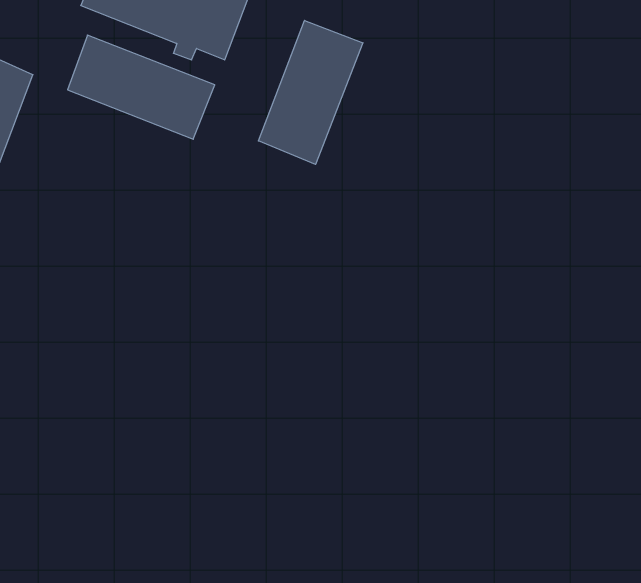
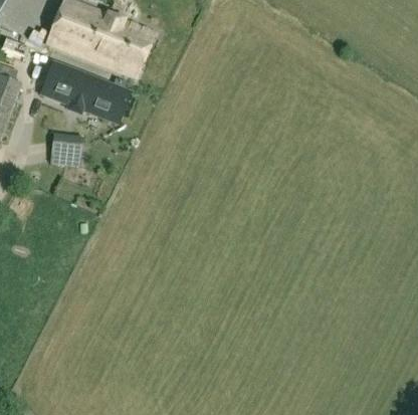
building: [258,20,363,164] -> none
building: none -> [48,133,80,167]

